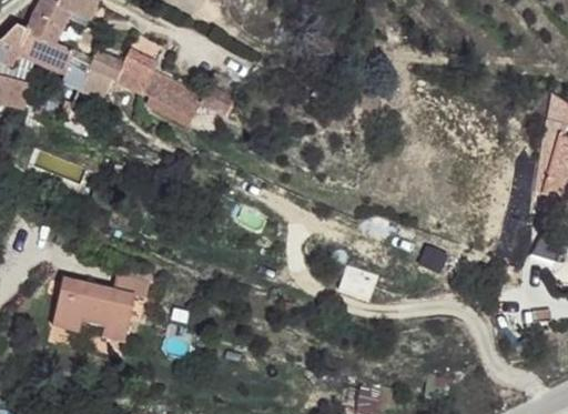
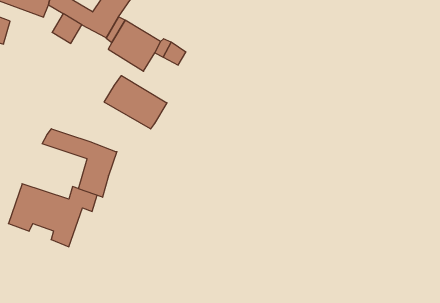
building: none -> [104,76,167,129]
building: none -> [42,129,117,197]

